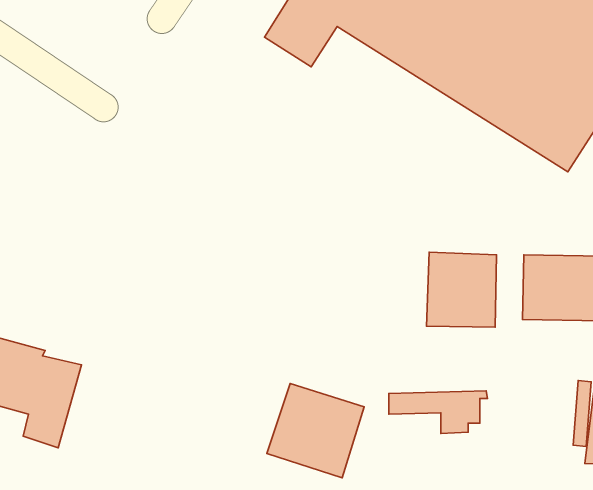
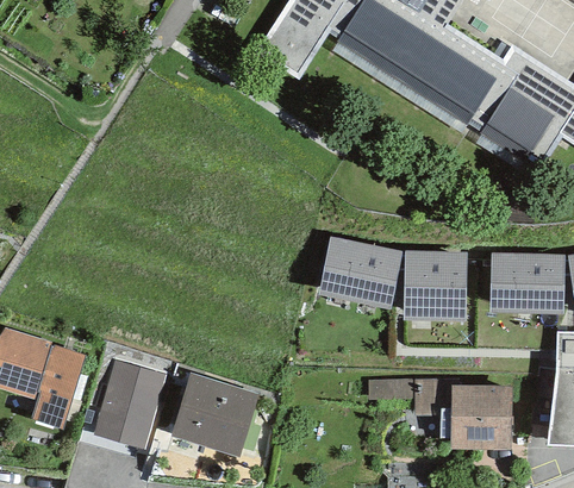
building: none -> [318,234,403,308]
building: none -> [93,358,166,448]
building: [267,383,364,478] -> [170,371,260,458]
building: none -> [441,383,512,448]

